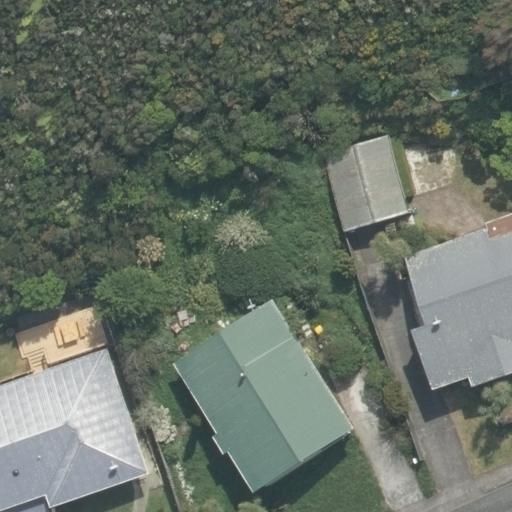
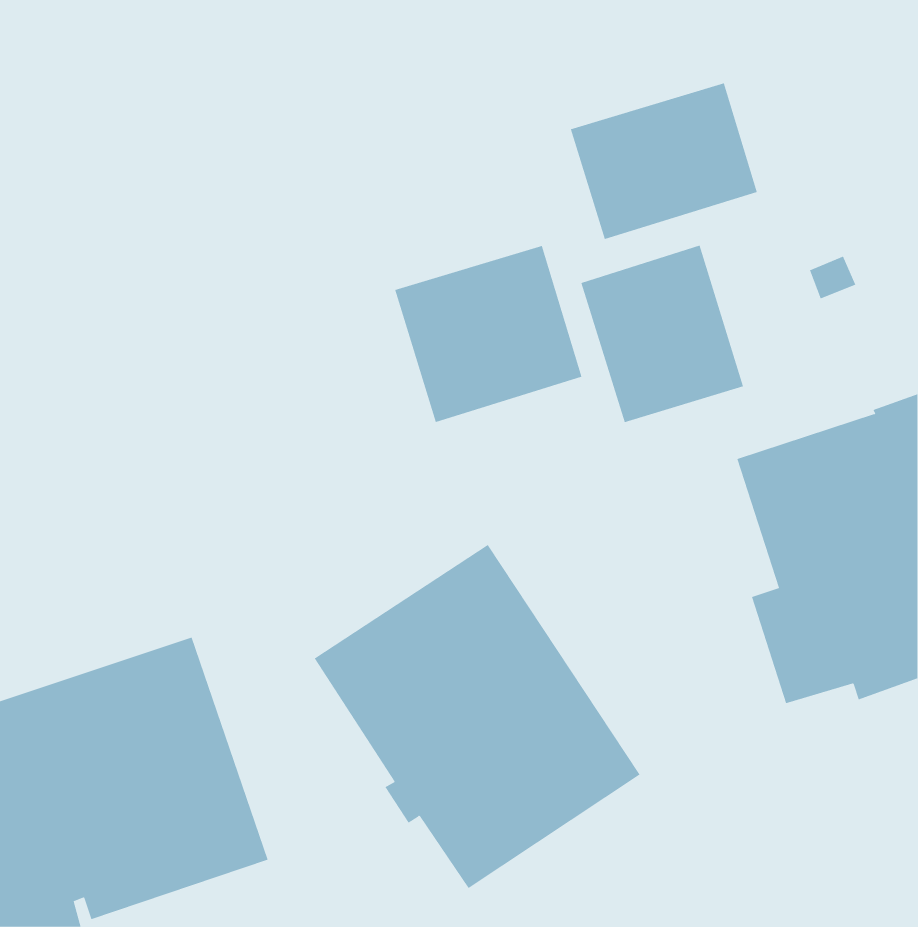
building: none -> [570,82,757,240]
building: none -> [395,245,582,423]

